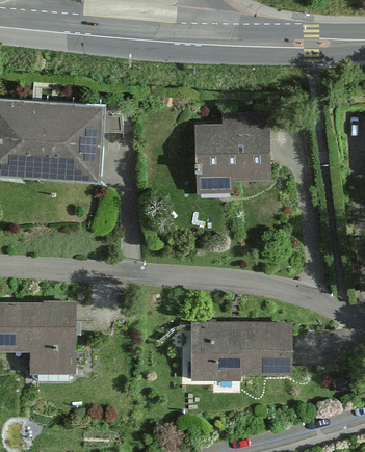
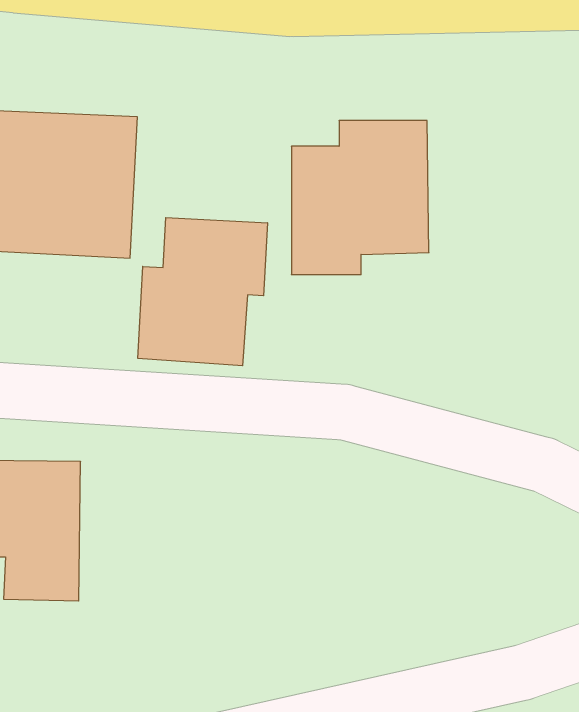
building: none -> [138,218,267,366]
building: [188,319,311,377] -> none

